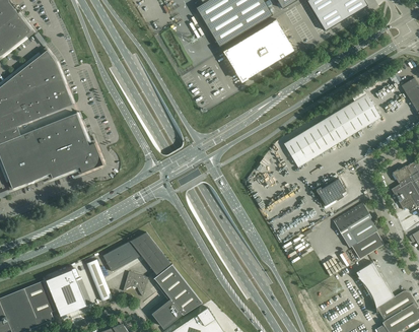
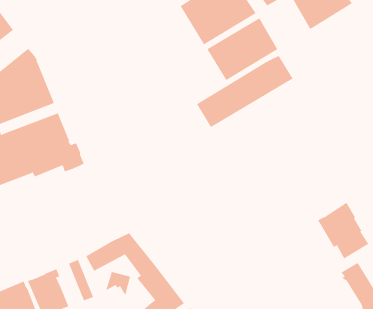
building: [283,94,379,167] -> [196,55,293,128]
building: [316,179,345,205] -> none

